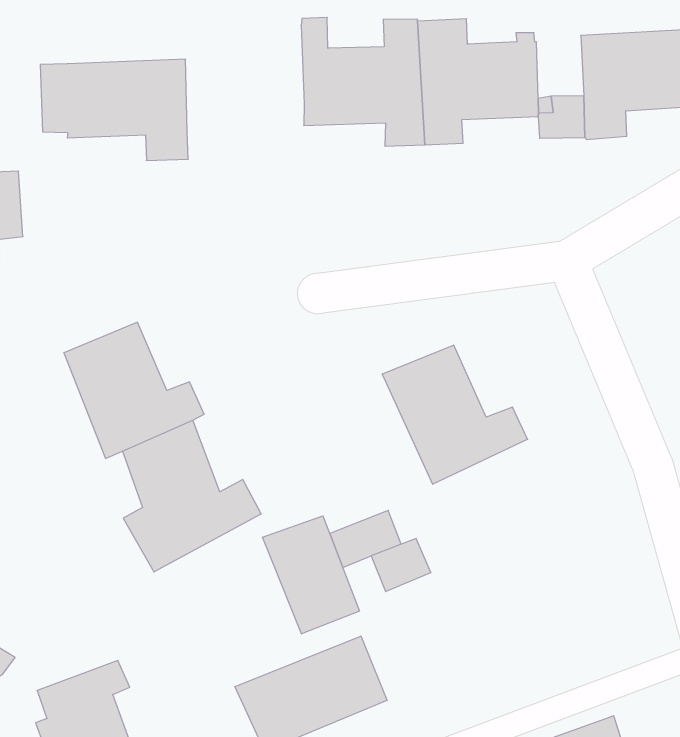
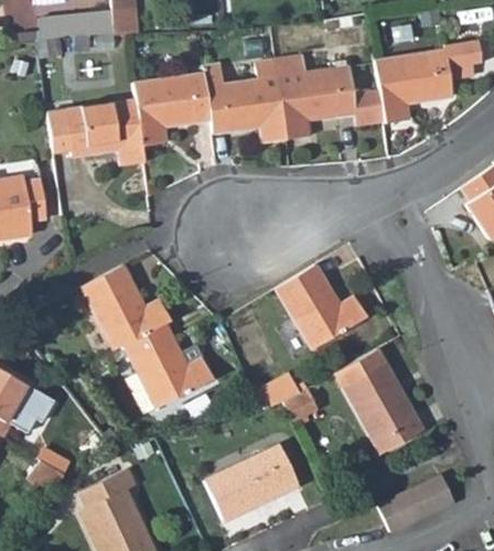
building: none -> [133,74,212,145]
building: none -> [333,342,427,452]
building: [263,516,360,634] -> none

